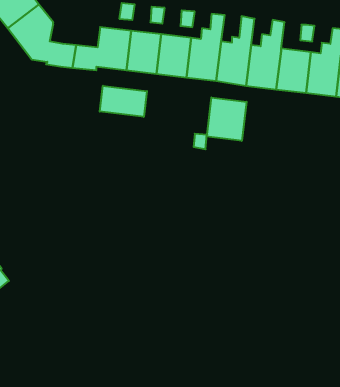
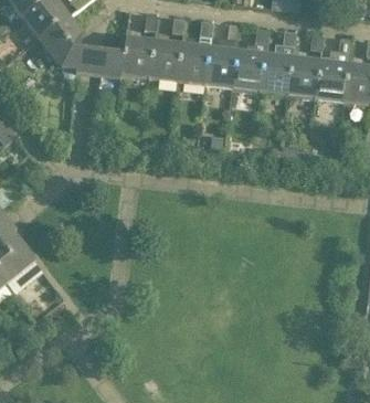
building: [100,86,147,117] -> none
building: [207,97,247,141] -> none

